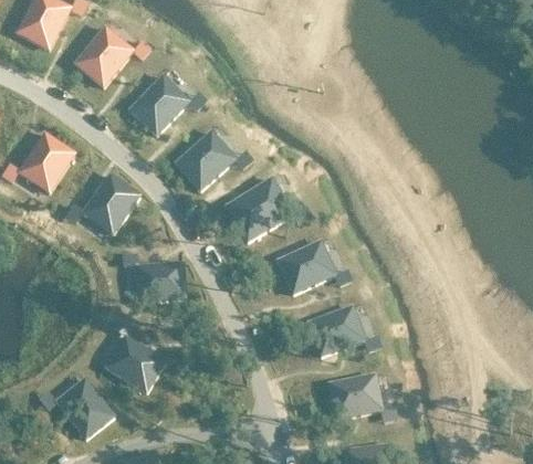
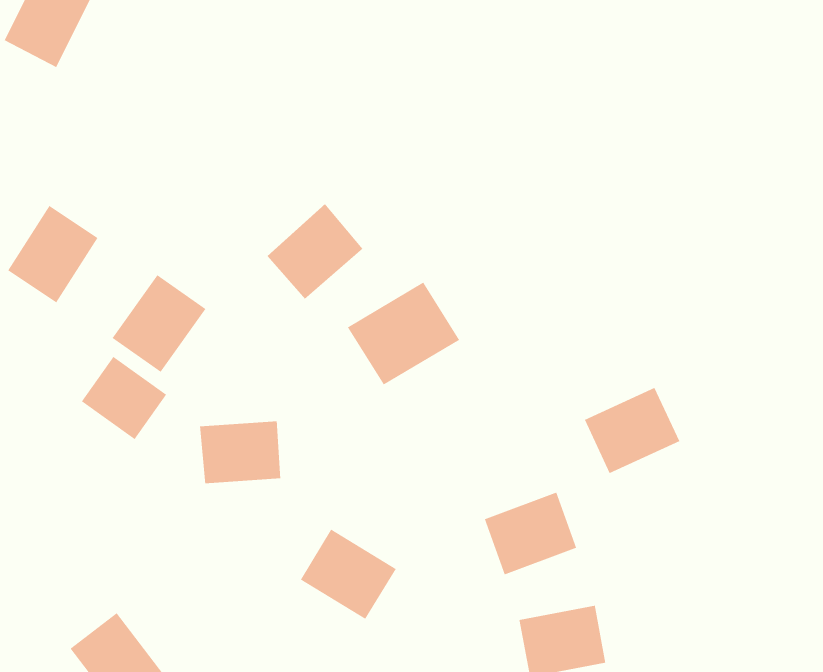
building: [74,28,133,87] -> none
building: [129,76,188,135] -> none
building: none -> [81,356,167,440]
building: [276,241,335,294] -> [584,387,681,474]
building: [106,337,165,392] -> [300,529,397,620]

